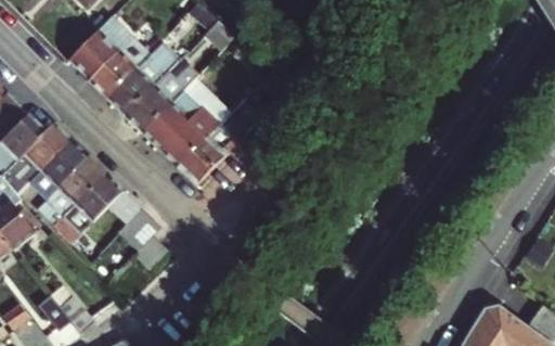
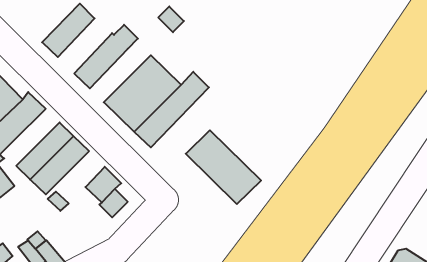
building: [85,34,149,100] -> none
building: [122,65,197,133] -> none
building: [33,141,87,195] -> none
building: none -> [186,130,261,204]

